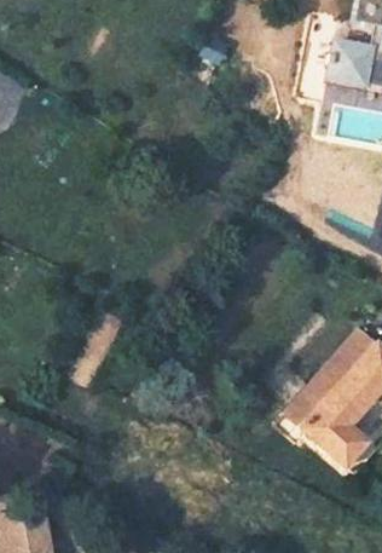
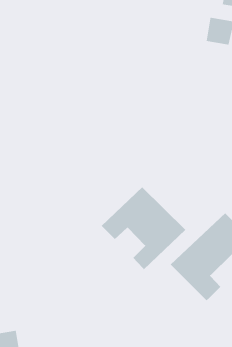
building: none -> [101,186,186,270]

